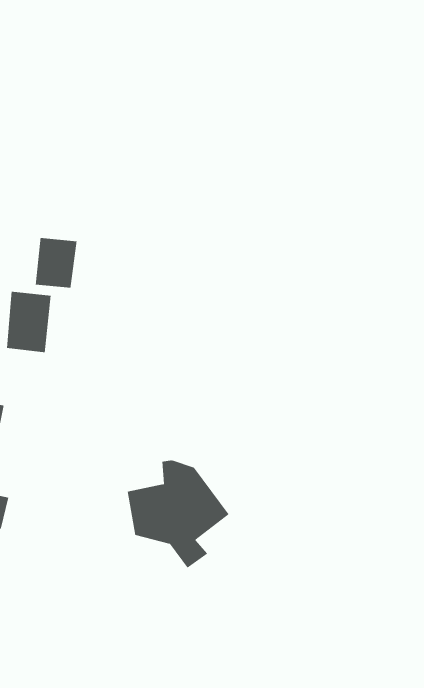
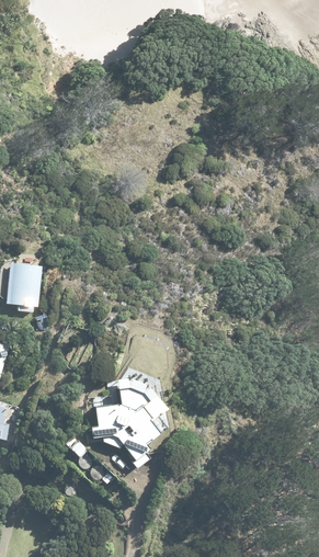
building: [35,237,77,288] -> none

